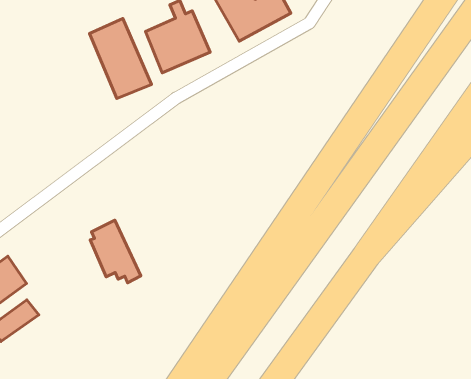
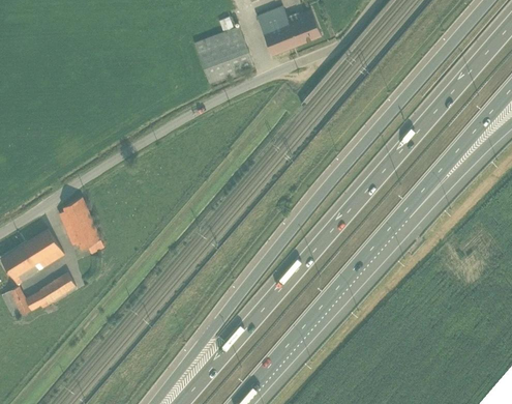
building: [89,18,151,99] -> none
building: [90,220,141,283] -> [58,196,100,253]

